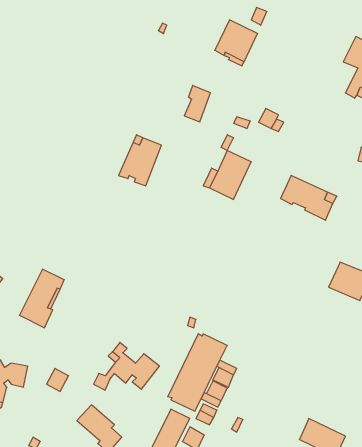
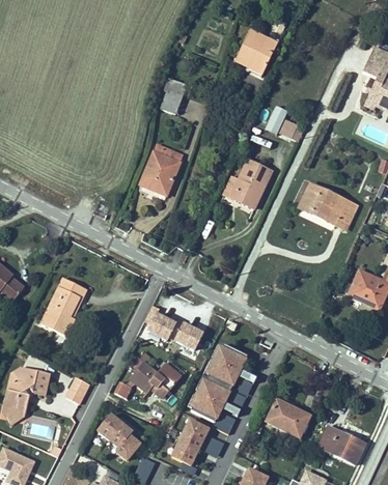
building: [184,85,210,122] -> [160,78,186,114]
building: none -> [144,306,204,349]
building: none -> [266,400,309,437]

